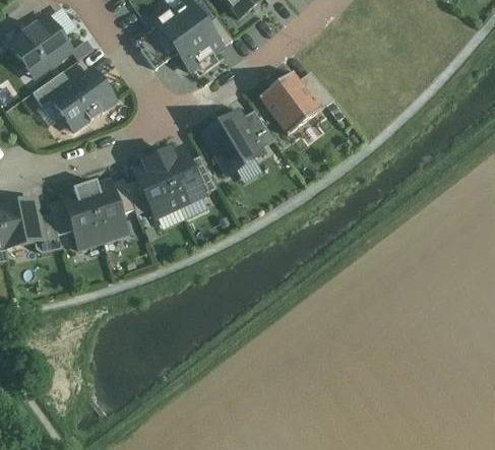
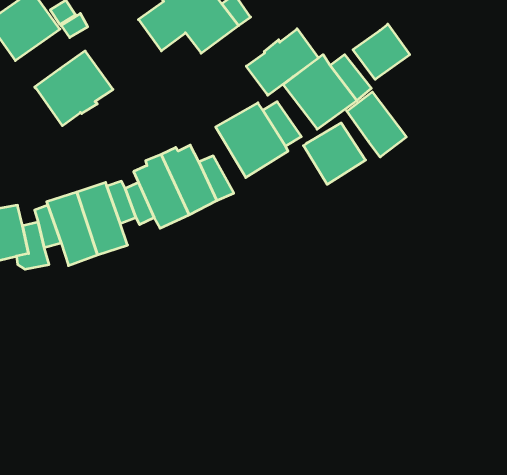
building: none -> [353,24,410,79]
building: none -> [246,29,318,95]
building: [32,71,70,106] -> none
building: none -> [347,92,406,157]
building: none -> [303,123,366,184]

